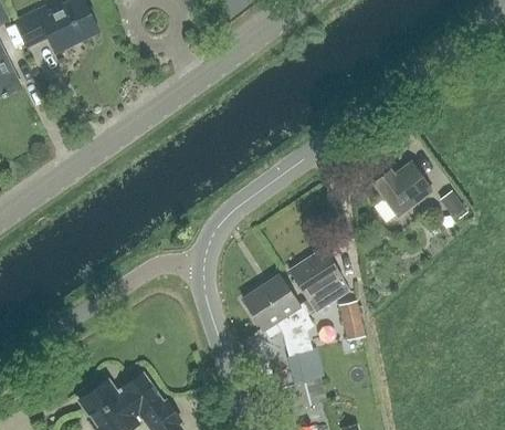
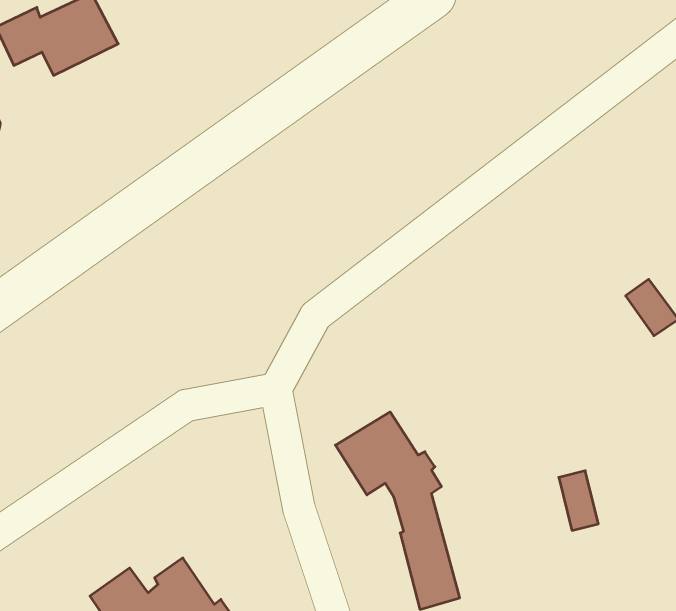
building: [374,162,431,222] -> none
building: [288,249,340,313] -> none
building: [337,301,364,340] -> [559,471,598,530]

